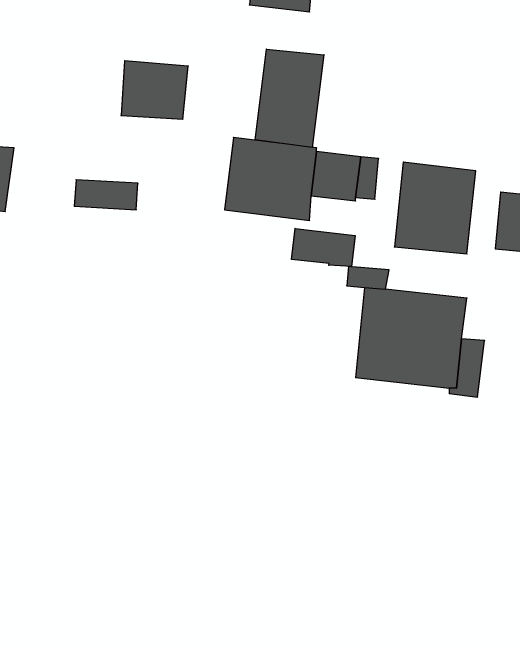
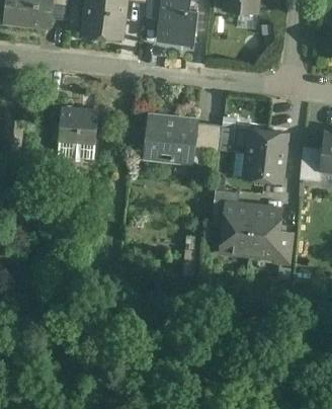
building: [255,49,324,147] -> none
building: [121,61,188,119] -> [59,107,97,141]
building: [292,228,355,267] -> none

